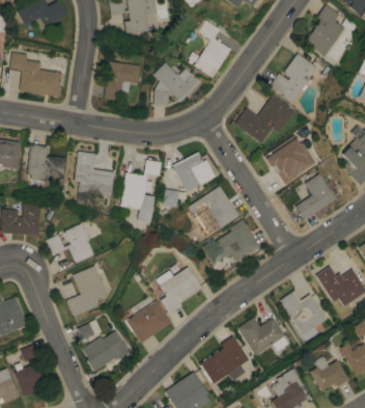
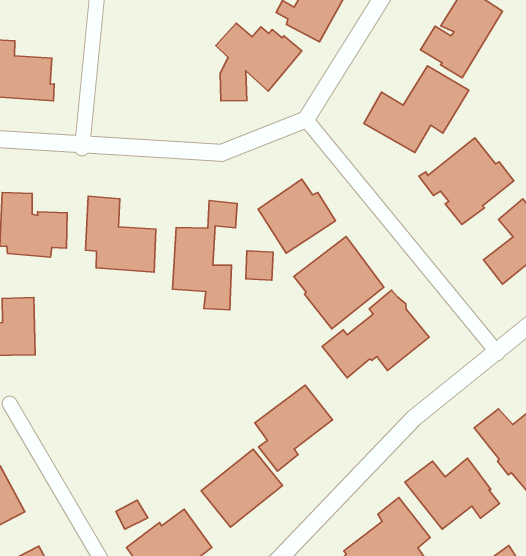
building: [105,61,140,101] -> none
building: [45,224,92,263] -> none
building: [65,267,106,318] -> none

